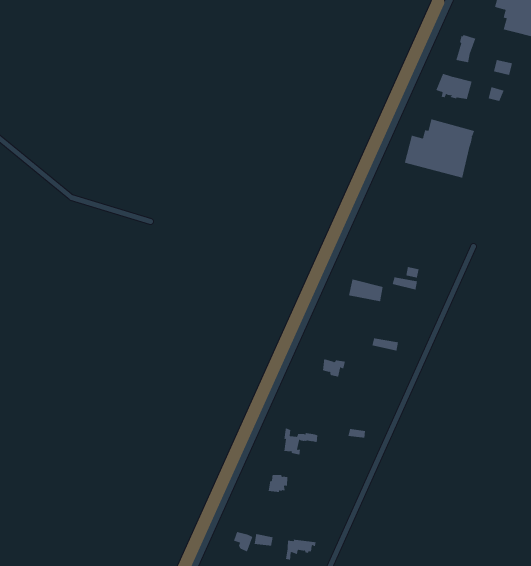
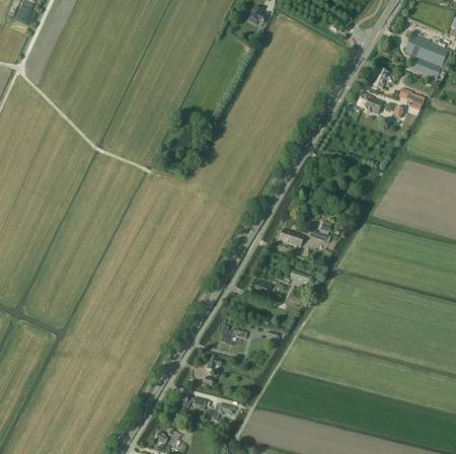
building: [404,118,475,179] -> none

